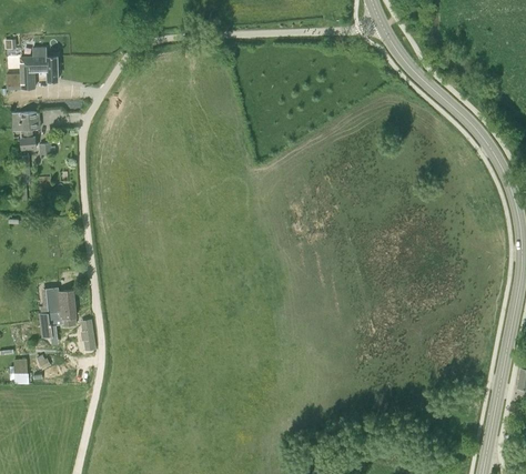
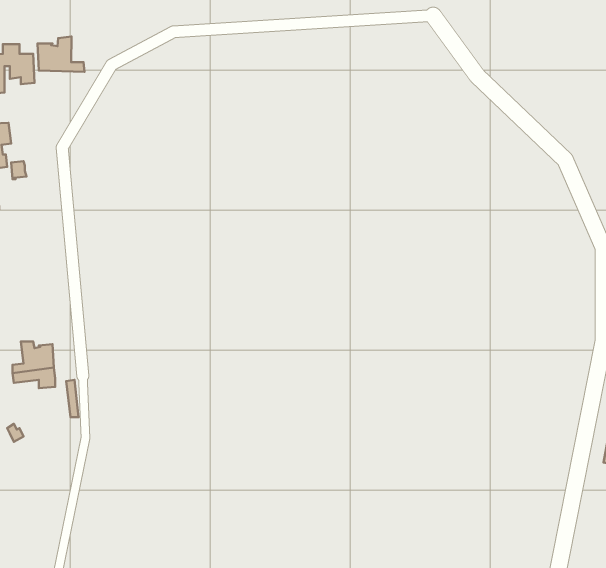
building: none -> [37,37,84,72]

